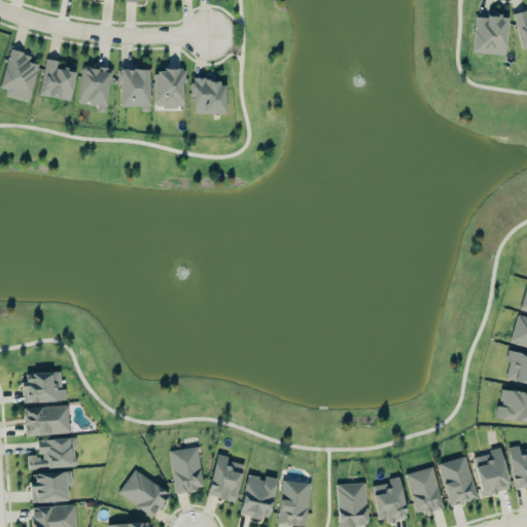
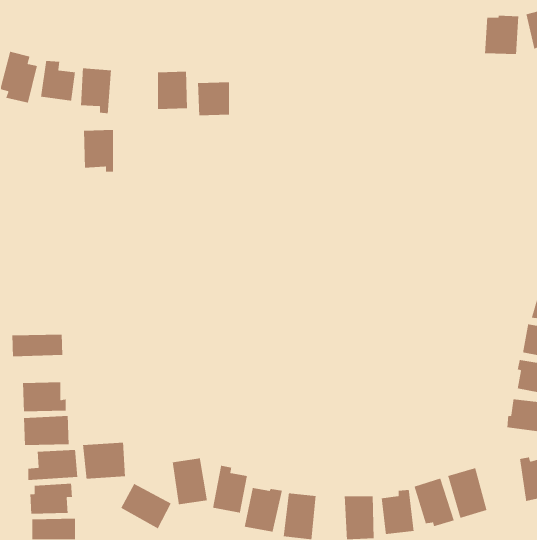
building: [120,68,150,110] -> [83,129,114,173]
building: none -> [11,334,63,357]
building: none -> [82,442,126,479]
building: [475,447,511,495] -> none

